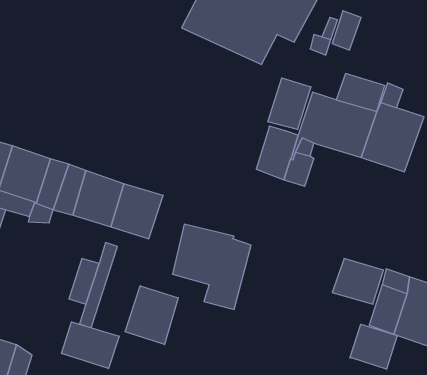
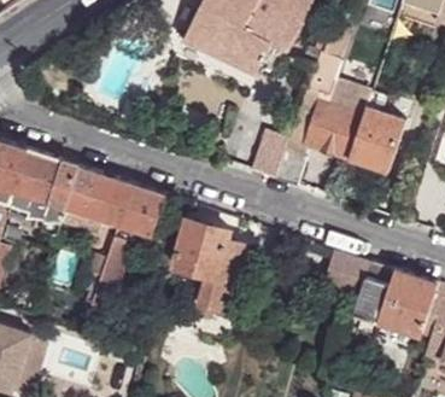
building: [268,78,311,130] -> none
building: [125,286,178,345] -> none
building: [62,322,119,369] -> none
building: [350,324,397,369] -> none

